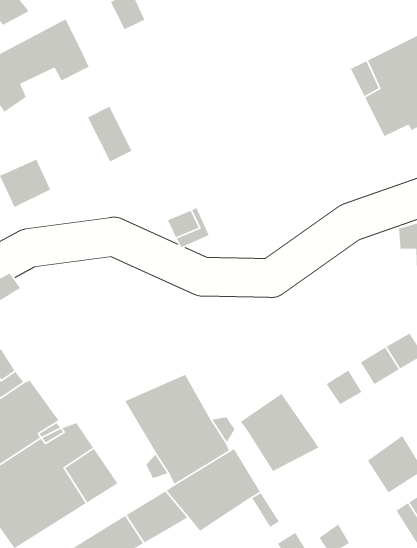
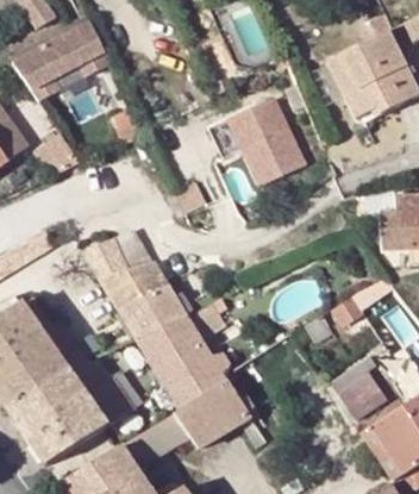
building: none -> [225,95,308,187]
building: none -> [82,229,187,340]
building: [240,393,320,472] -> none

